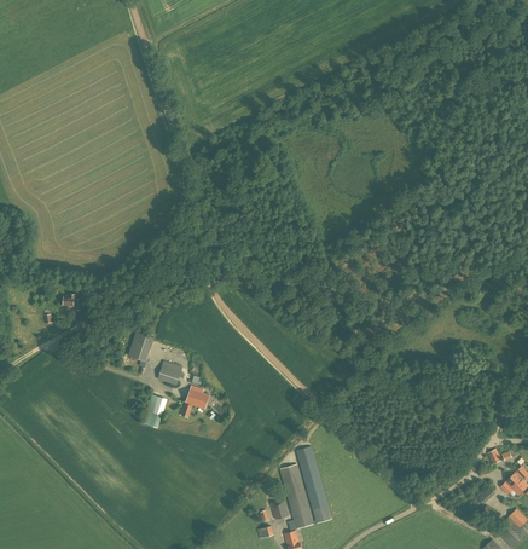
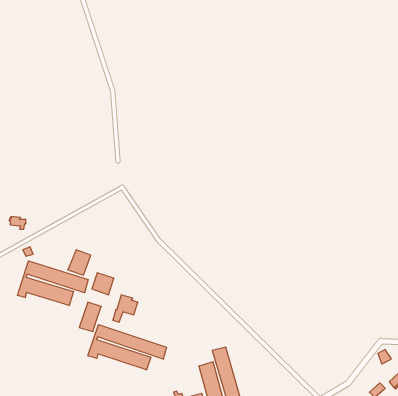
building: none -> [17,261,88,306]
building: none -> [88,325,166,370]

